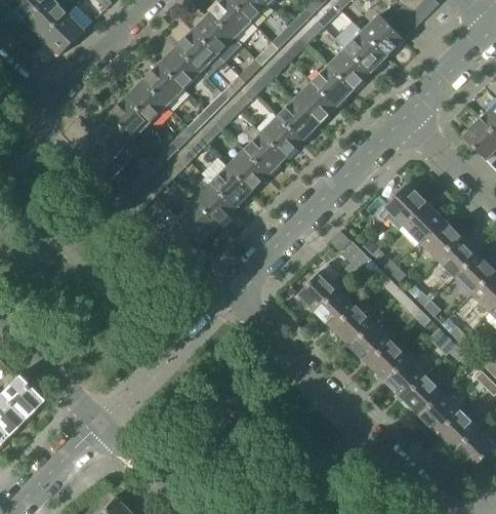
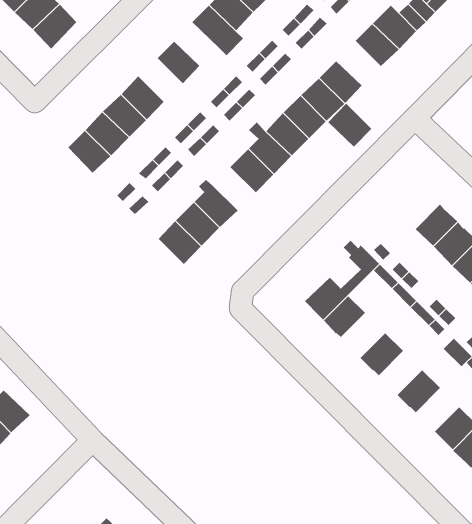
building: [175,30,217,71] -> none
building: [328,47,370,89] -> [328,103,372,147]
building: [141,64,183,105] -> none
building: [211,166,252,207] -> none
building: [384,183,426,225] -> none
building: [332,304,374,346] -> none
building: [367,340,409,381] -> none
building: [402,374,444,416] -> none

